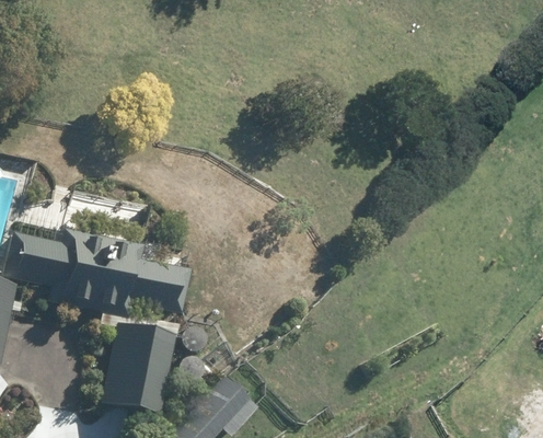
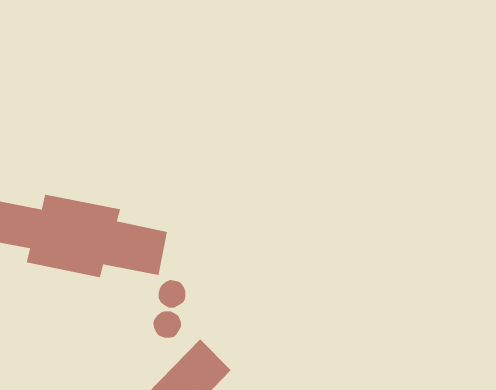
building: [101,321,175,414] -> none

